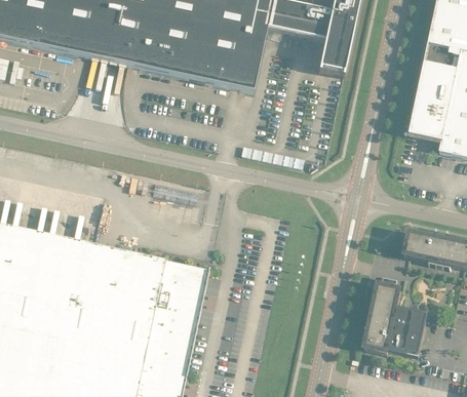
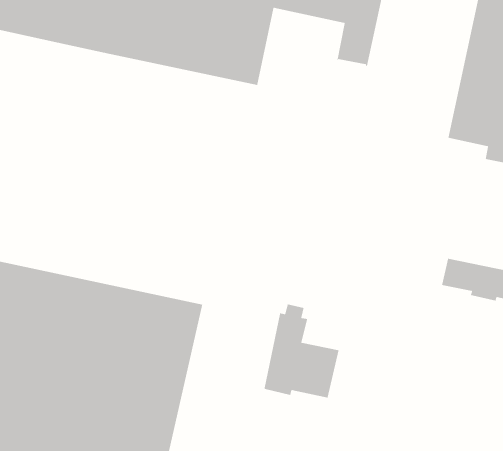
building: [364,276,427,354] -> [263,304,339,398]

